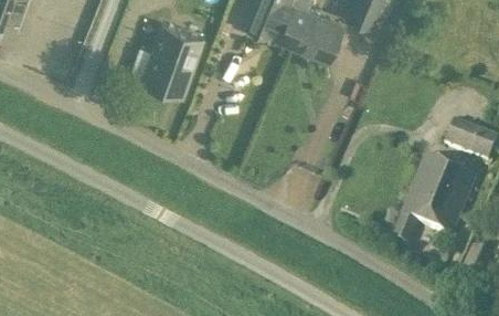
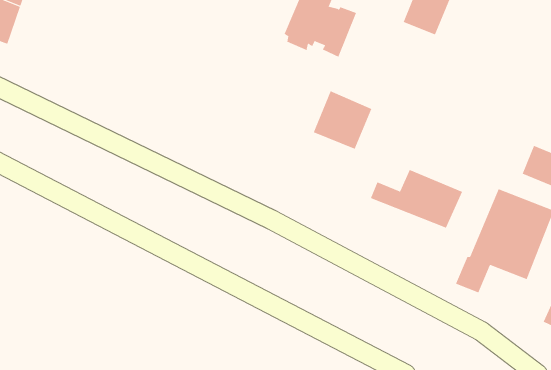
building: [290,11,341,61] -> [312,91,372,149]
building: [140,23,203,97] -> none
building: none -> [370,169,463,229]

